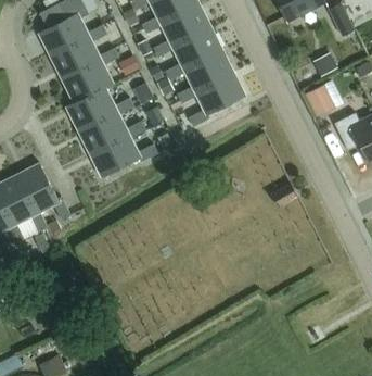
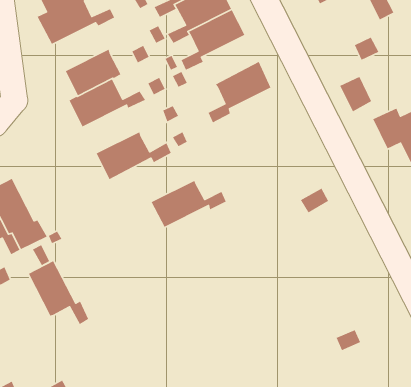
building: [51,37,119,79] -> none
building: [177,48,234,102] -> none
building: [78,110,145,152] -> [151,180,227,228]
building: [16,162,70,220] -> [28,260,89,325]

